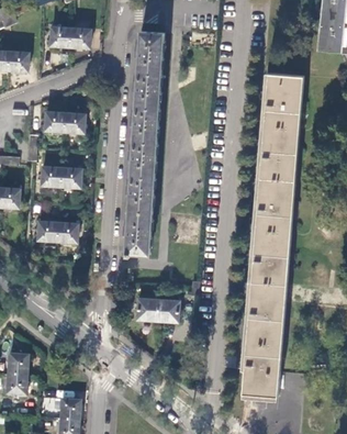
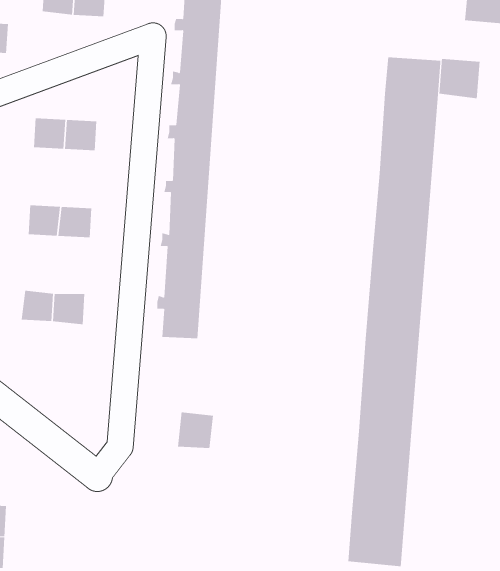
building: none -> [439,58,480,99]
building: [156,299,178,321] -> none

